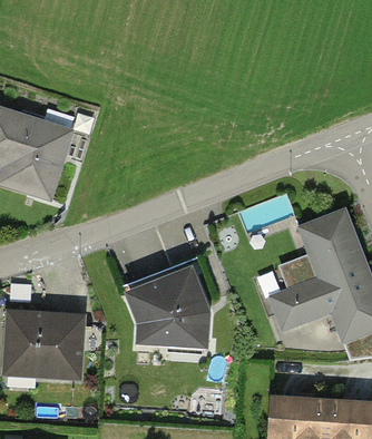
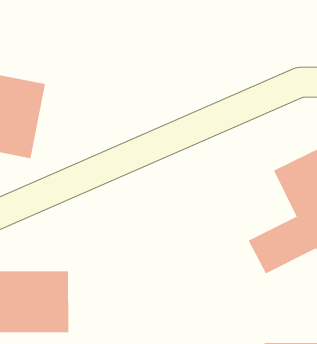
building: [116,262,209,351] -> none

